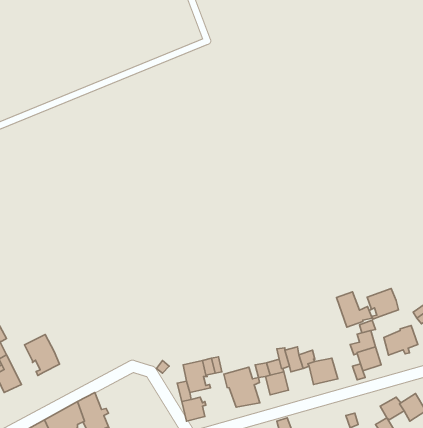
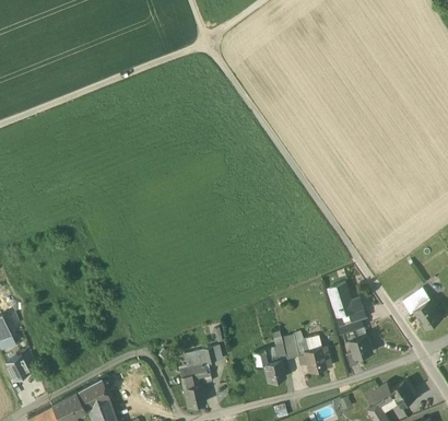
building: [367,289,398,319] -> none
building: [384,325,418,355] -> none
building: [25,335,60,375] -> none
building: [224,367,260,407] -> none

